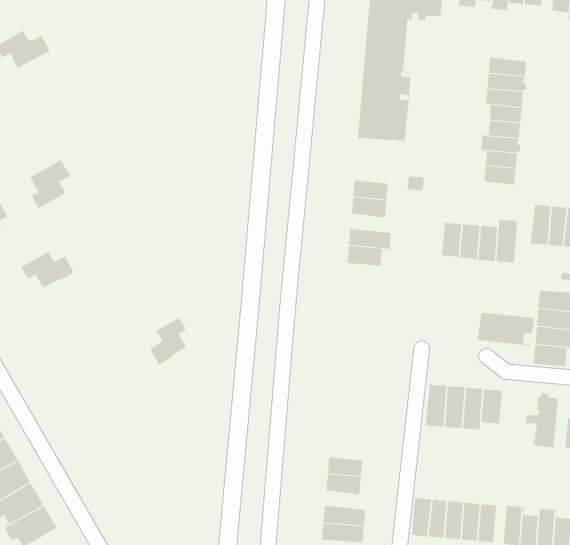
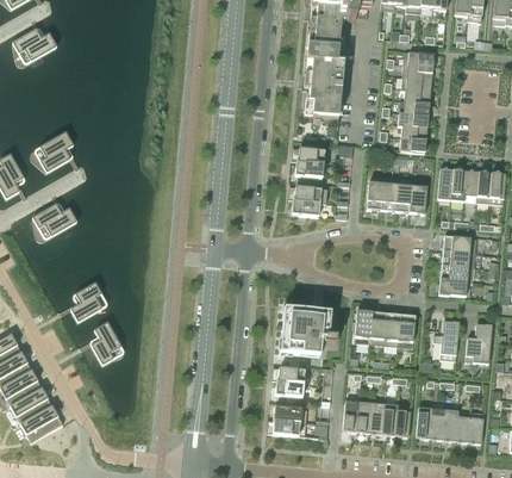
building: [477,312,535,346] -> none
building: [149,317,187,365] -> [71,283,101,321]
building: none -> [280,306,337,355]
building: none -> [92,321,120,362]

